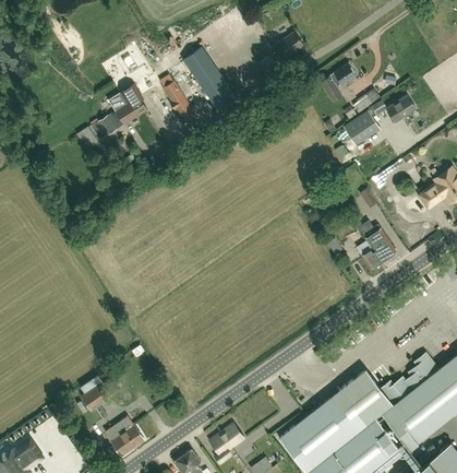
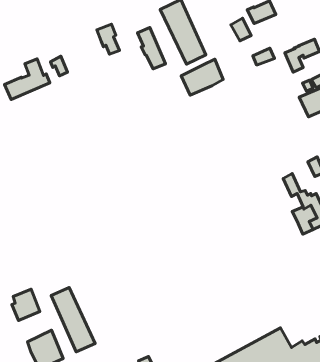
building: [91,94,137,141] -> [4,59,50,99]
building: none -> [181,59,223,95]
building: none -> [51,287,95,352]

